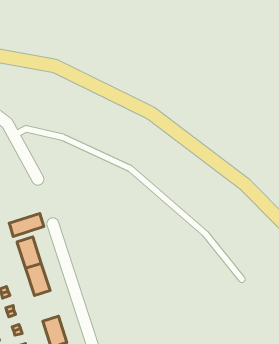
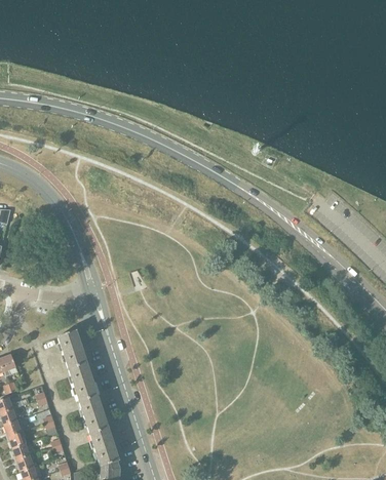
building: [9,214,44,236] -> none
building: none -> [79,397,109,435]

